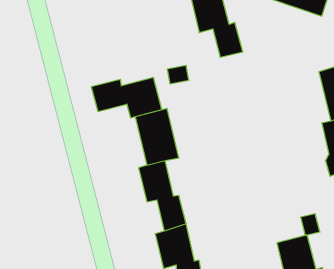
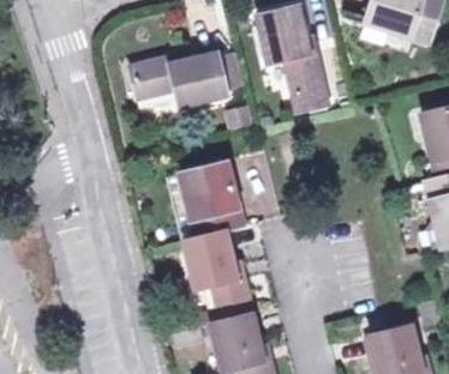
building: [91,78,162,118] -> [127,48,220,101]

